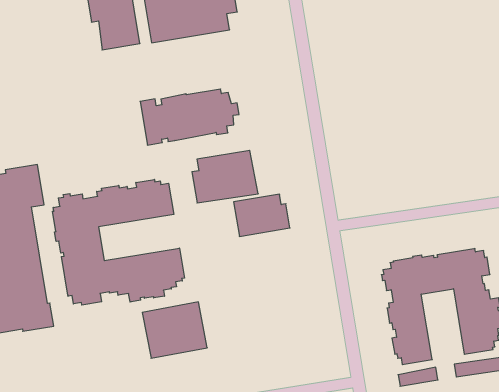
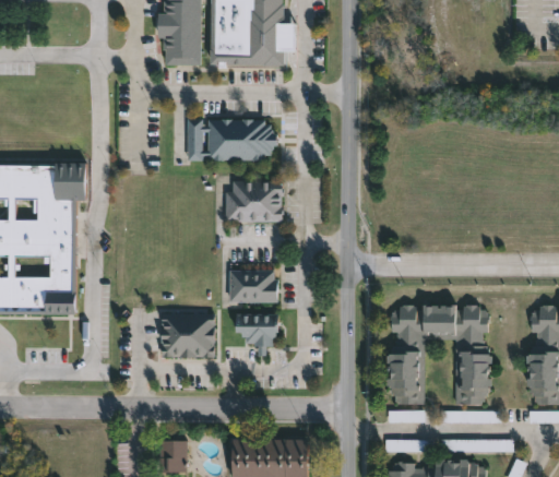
building: [53,179,184,305] -> none
building: [234,194,290,236] -> [231,271,280,303]
building: none -> [237,314,280,358]

